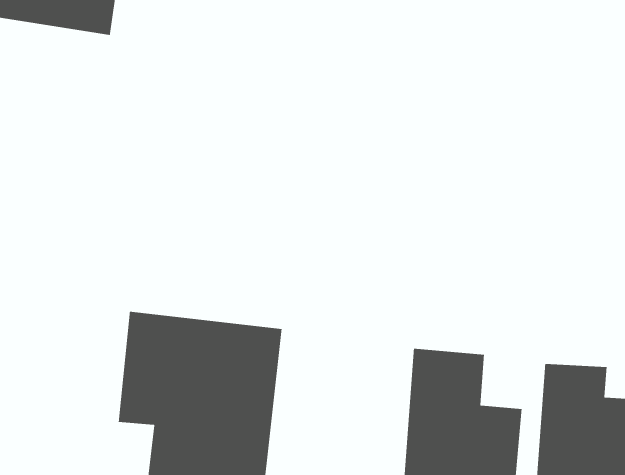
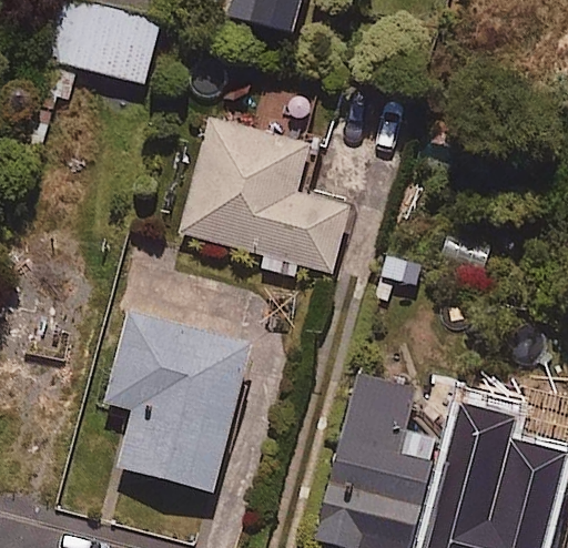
building: none -> [181,118,349,273]

